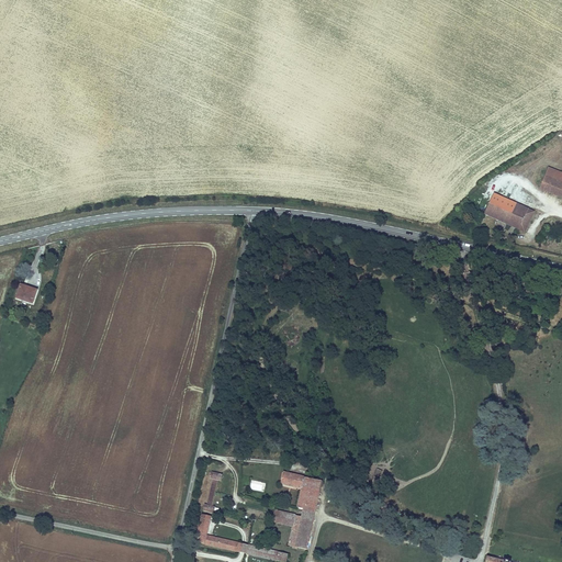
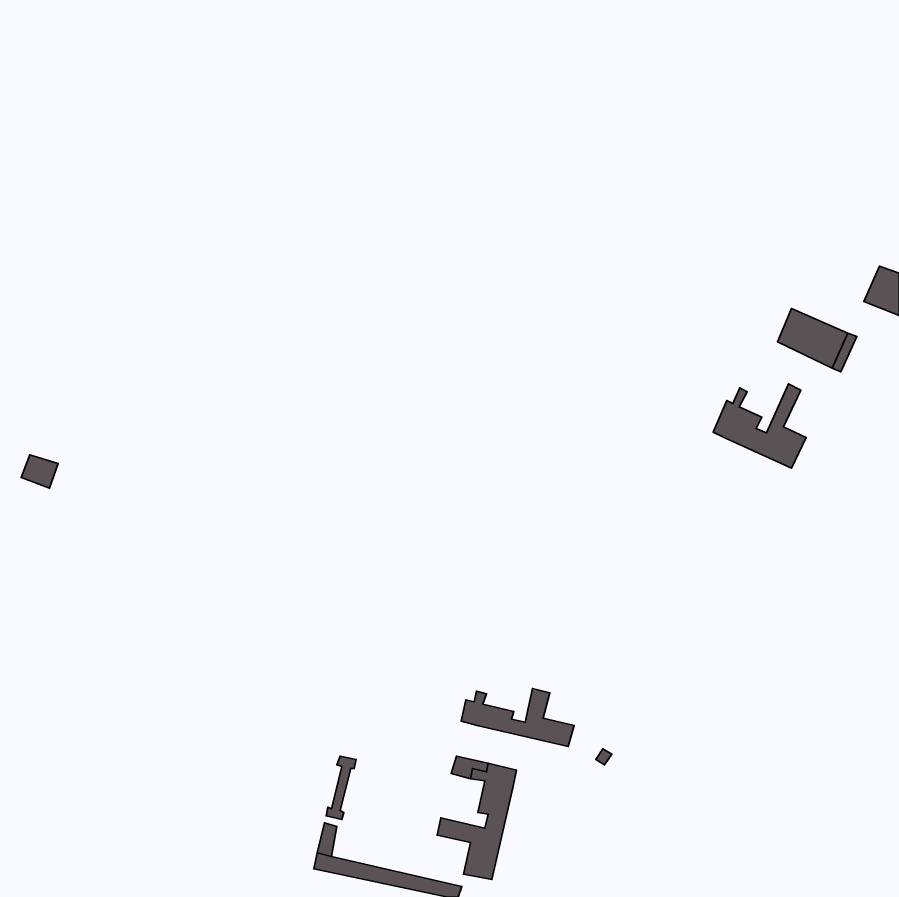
building: none -> [713,384,806,468]
building: none -> [461,689,574,746]

